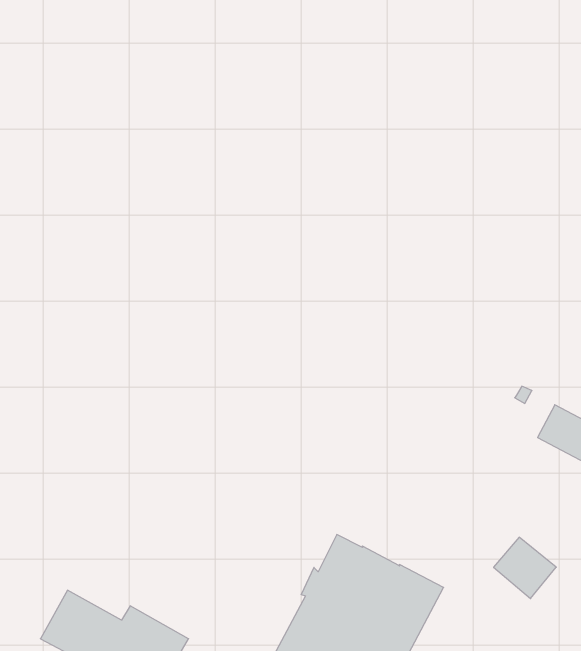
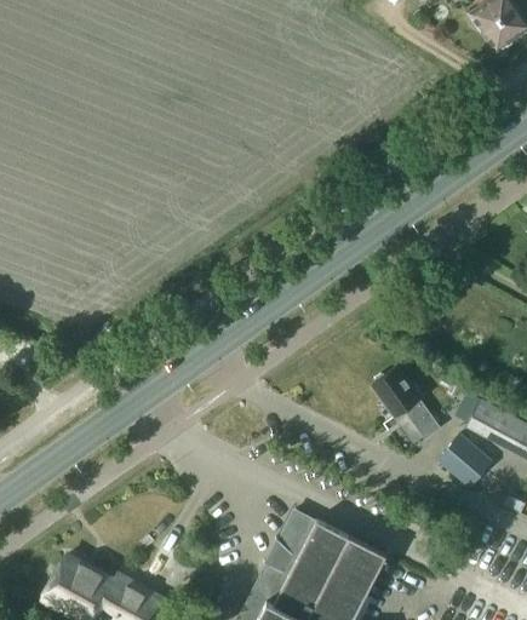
building: none -> [372,368,439,440]
building: [494,537,556,599] -> [437,435,491,487]

